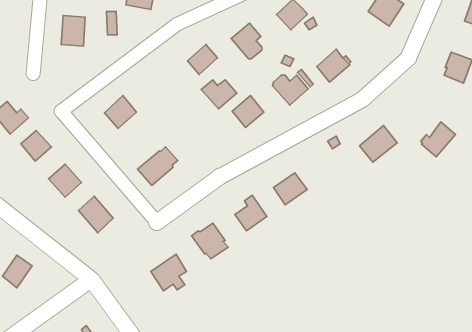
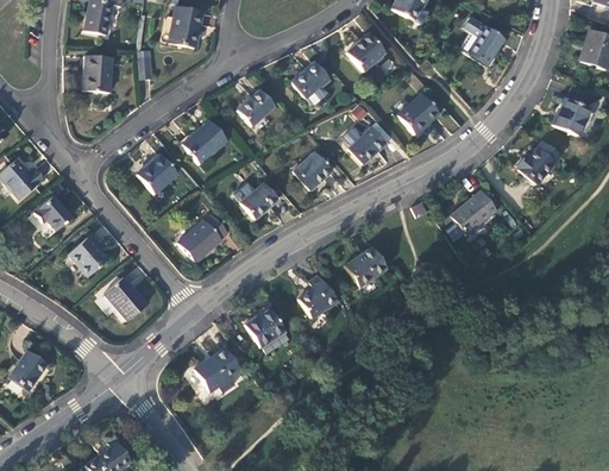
building: none -> [182,119,227,163]
building: [201,80,237,109] -> [234,182,278,218]
building: [421,122,455,157] -> [519,140,561,183]

